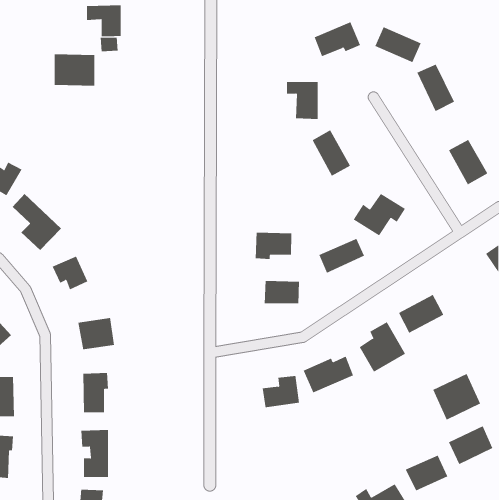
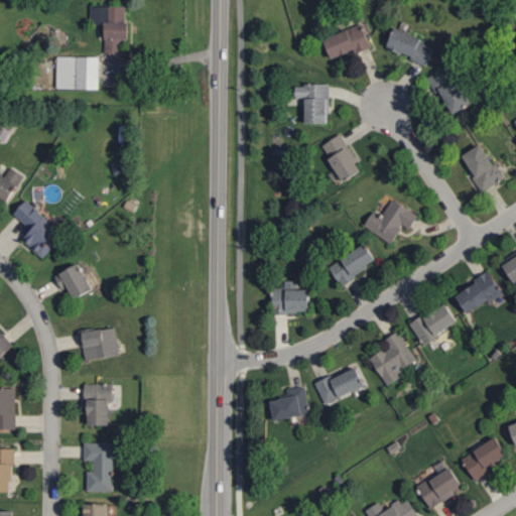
building: [255,232,292,260] -> none
building: none -> [454,273,500,312]
building: [432,373,481,421] -> none

